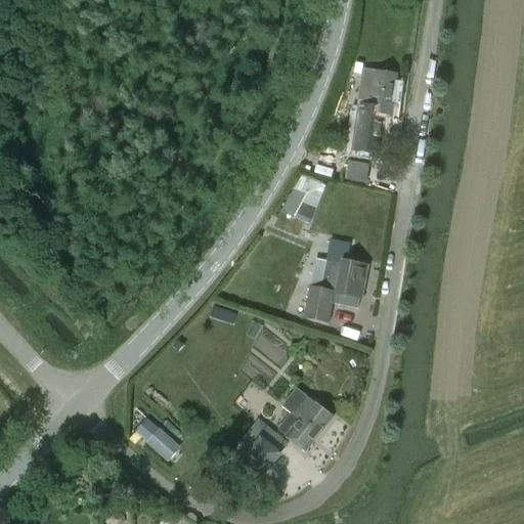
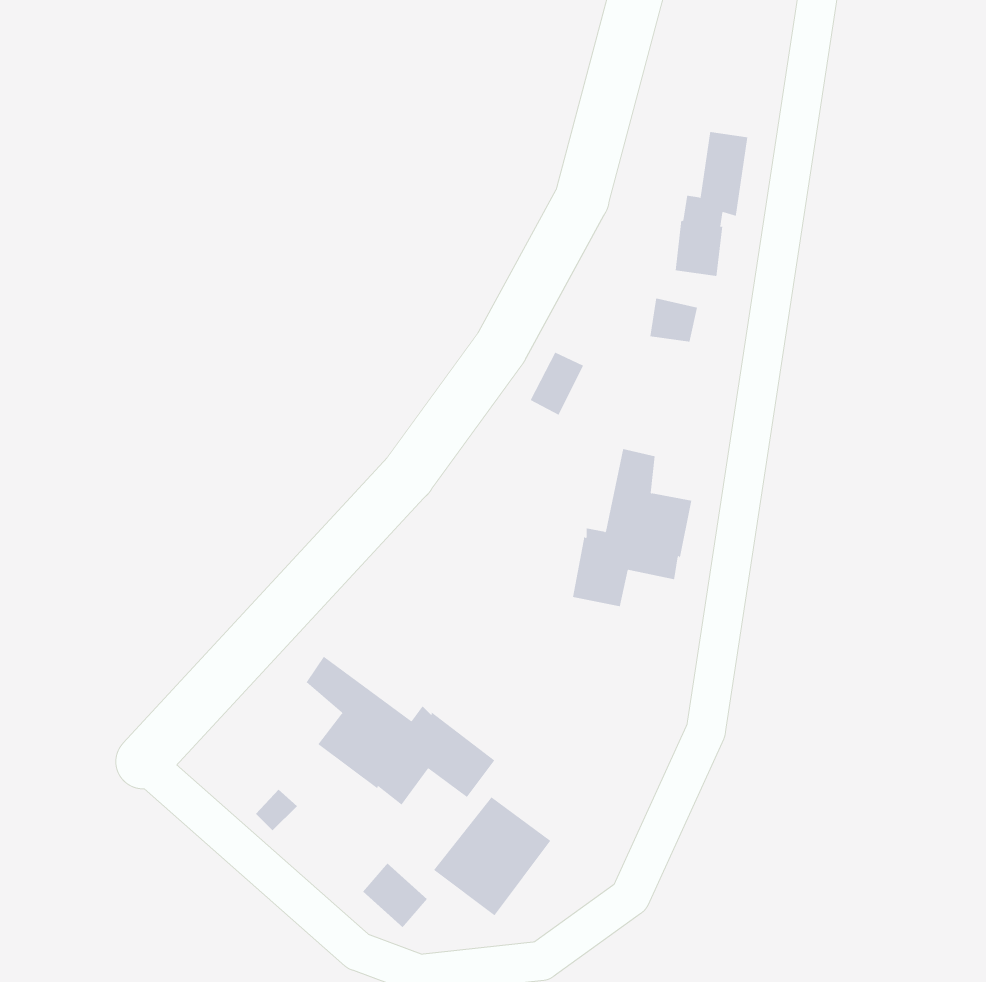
building: none -> [306,656,495,806]
building: [277,386,333,451] -> none
building: [145,426,180,461] -> [362,863,428,928]

